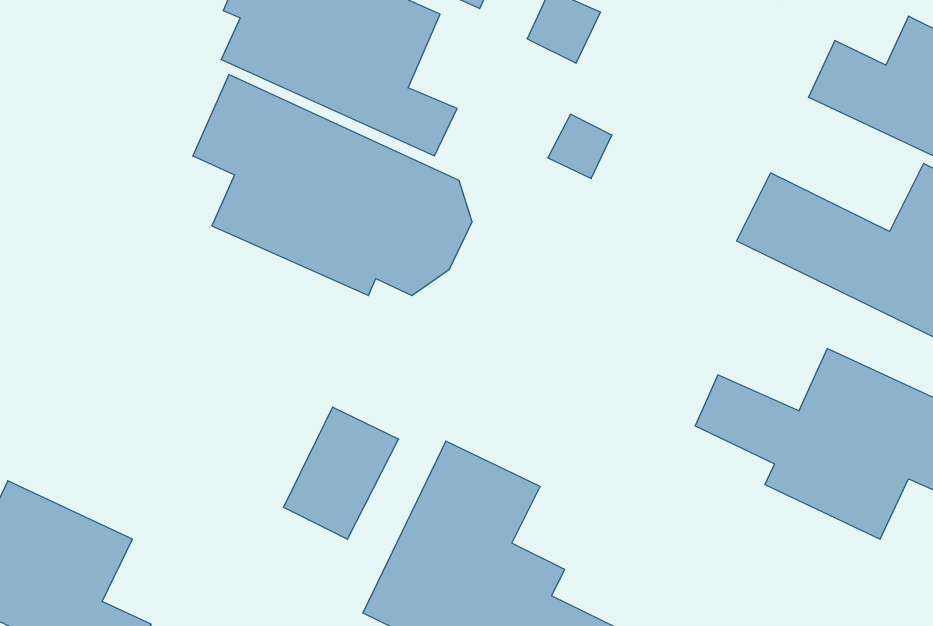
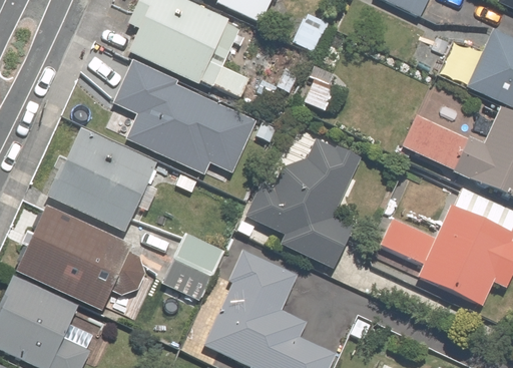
building: none -> [46,122,160,235]
building: none -> [245,139,359,265]
building: none -> [14,205,130,314]

